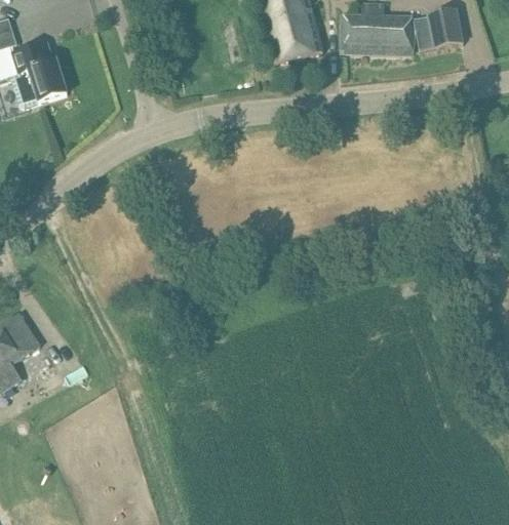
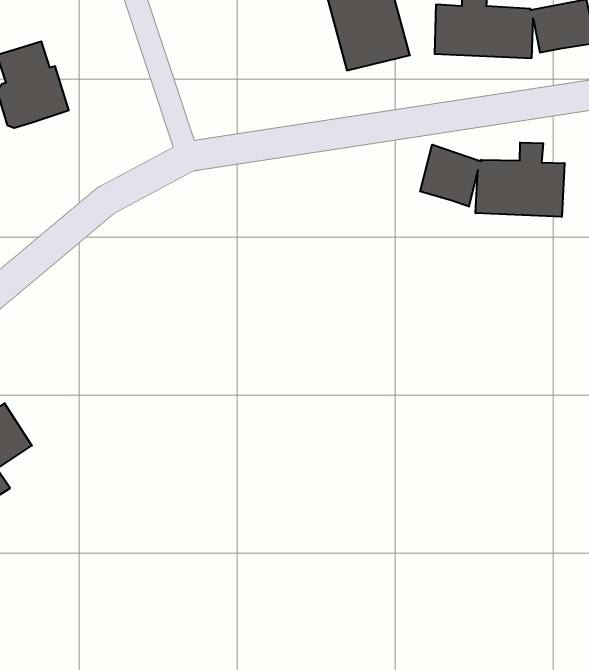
building: none -> [420,142,565,217]

